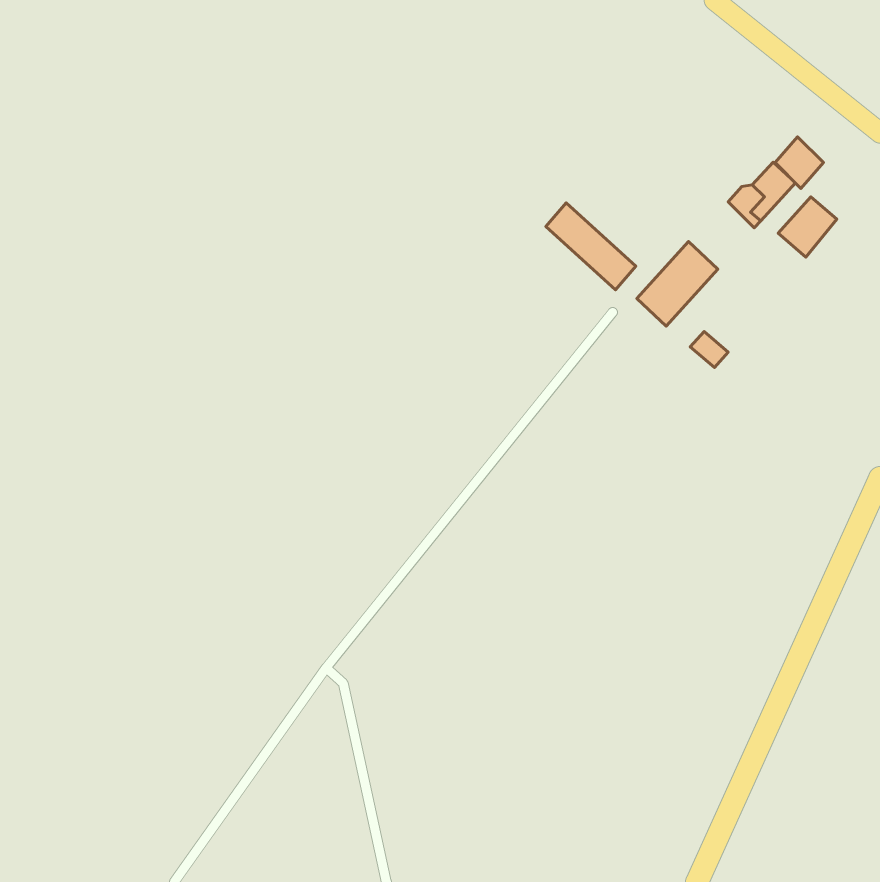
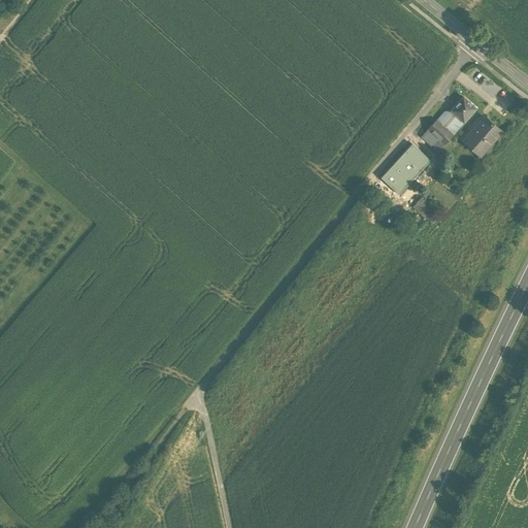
building: [775,137,823,188] -> [422,121,451,152]
building: [546,203,636,290] -> none

